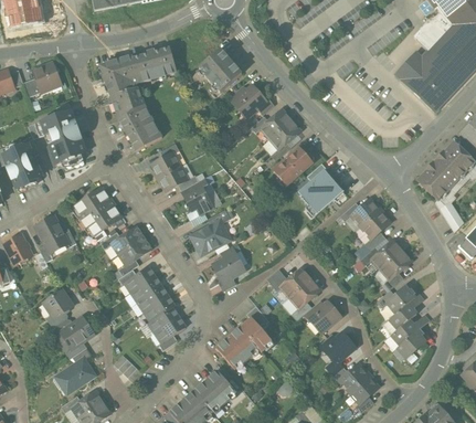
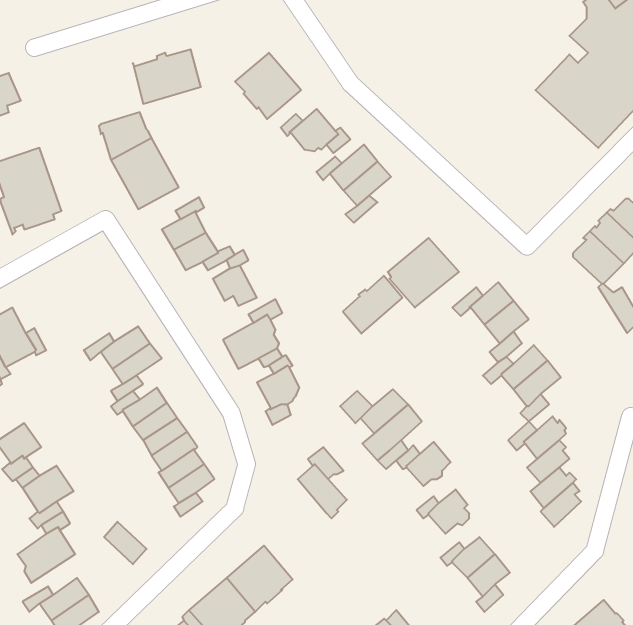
building: [99,55,139,95] -> none
building: [274,147,313,184] -> [343,276,402,334]
building: [74,187,121,234] -> none
building: [216,326,258,369] -> none

